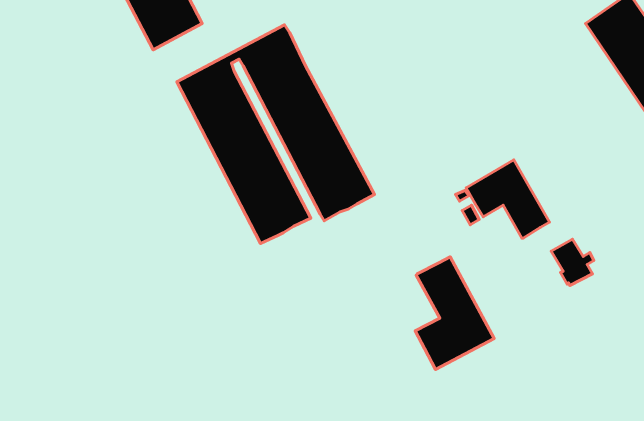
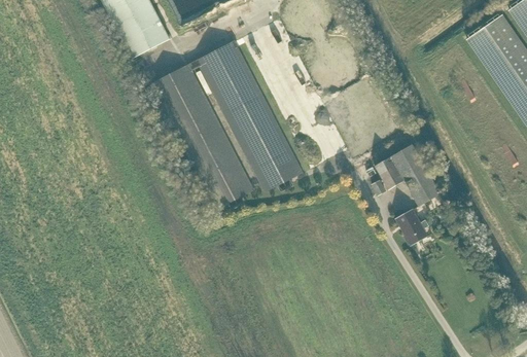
building: [551,239,594,286] -> [395,209,428,245]
building: [415,257,494,370] -> none

